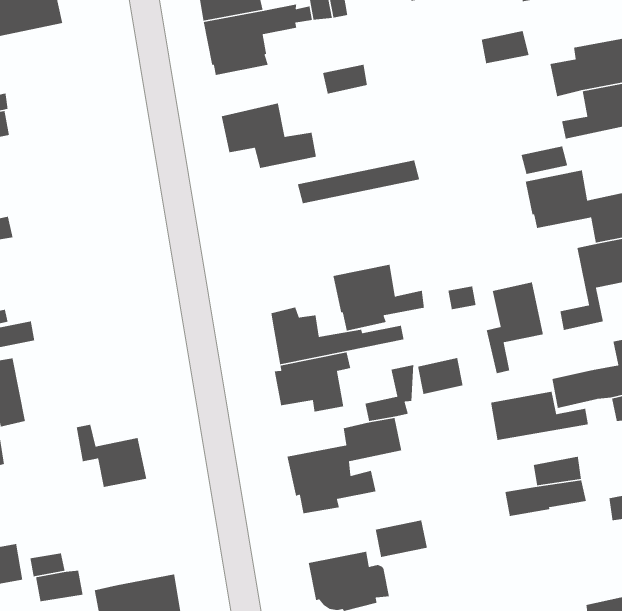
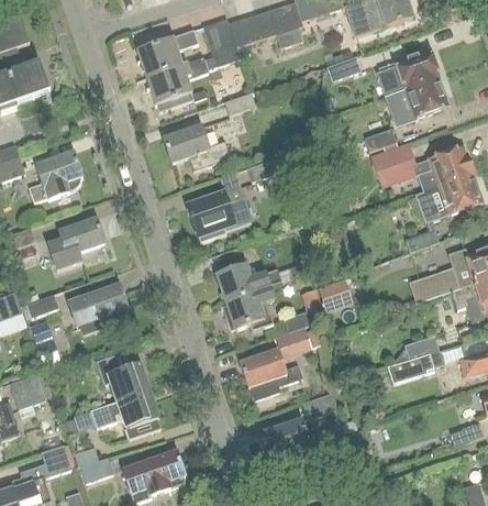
building: none -> [29,152,80,201]
building: none -> [46,218,104,268]
building: [333,264,425,332] -> [185,191,249,241]
building: [486,282,544,374] -> none
building: none -> [68,284,126,333]
building: [490,391,589,441] -> none
building: none -> [92,389,159,437]

